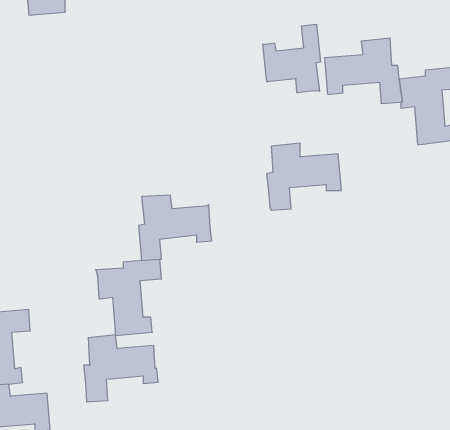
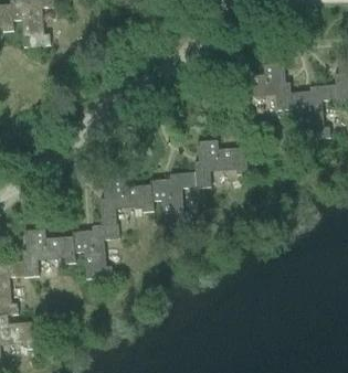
building: [263,24,320,93] -> none
building: none -> [151,171,197,226]
building: [84,335,158,402] -> [21,227,75,276]

